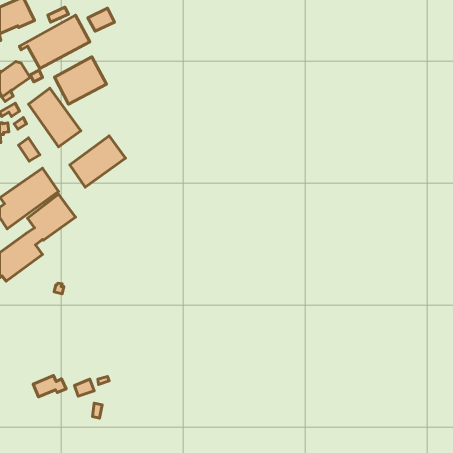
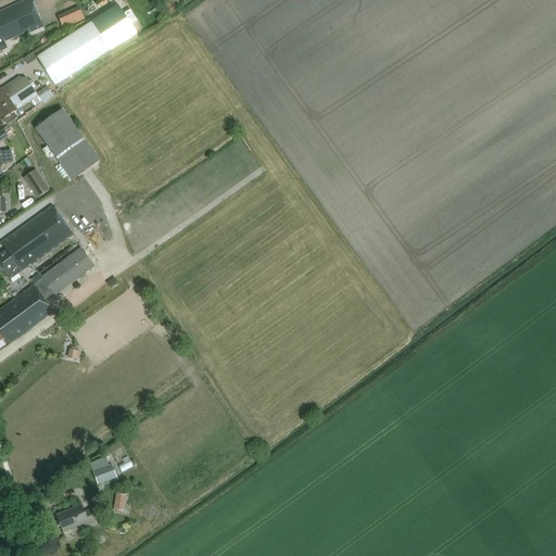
building: [54,57,106,104] -> none
building: [70,136,125,187] -> none
building: [33,375,66,397] -> [55,504,96,530]

